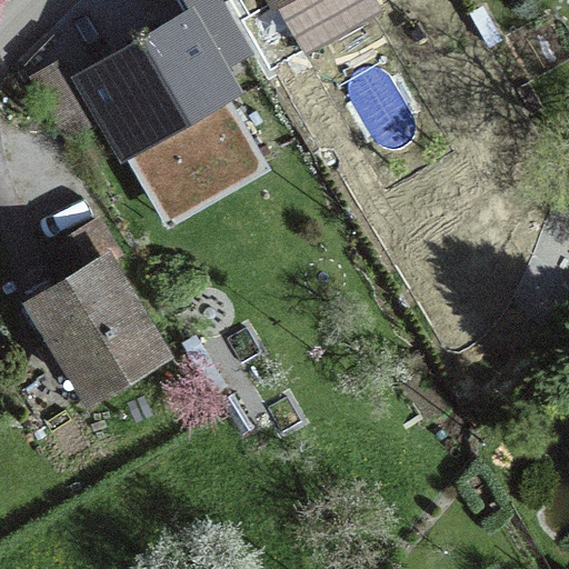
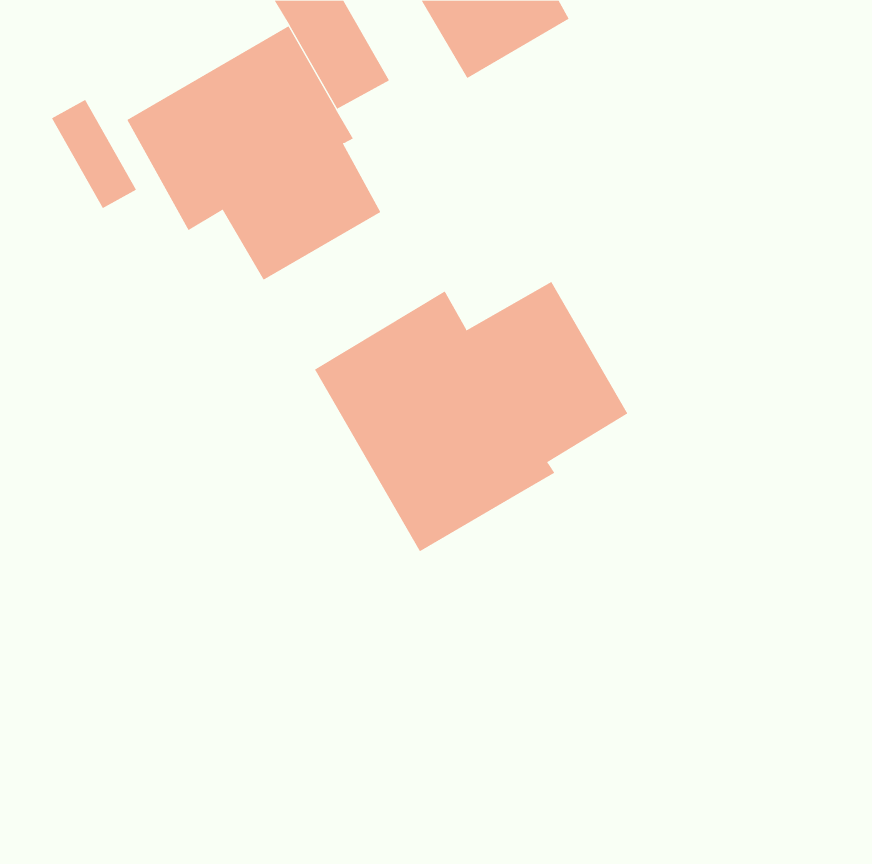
building: none -> [314,281,628,552]
building: [34,228,164,402] -> none

